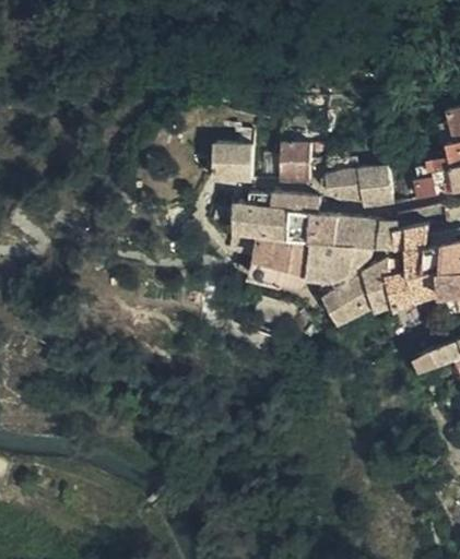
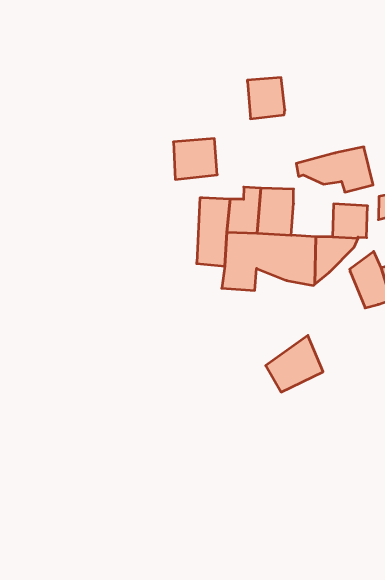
building: [286,145,318,180] -> [247,78,285,119]
building: [320,212,361,245] -> none
building: [330,277,381,326] -> [266,335,323,392]

